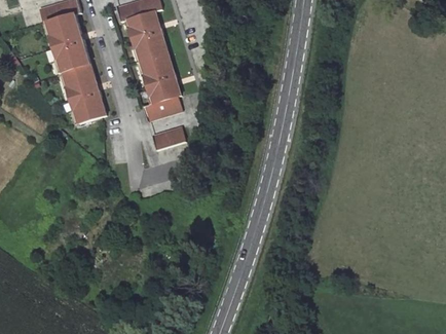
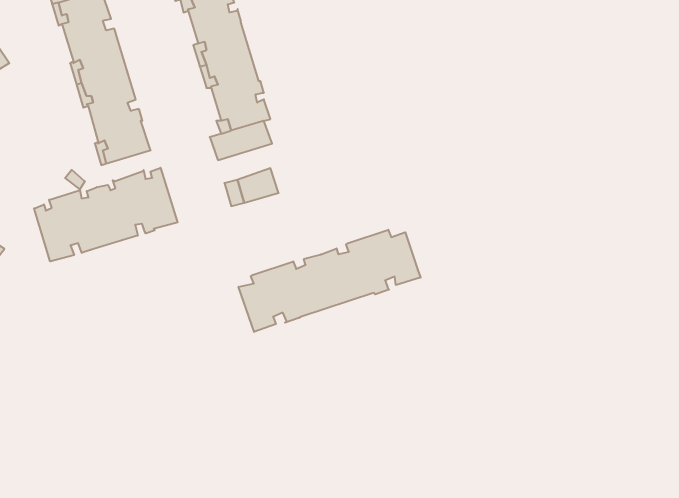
building: none -> [34,168,178,261]
building: none -> [239,230,421,332]

